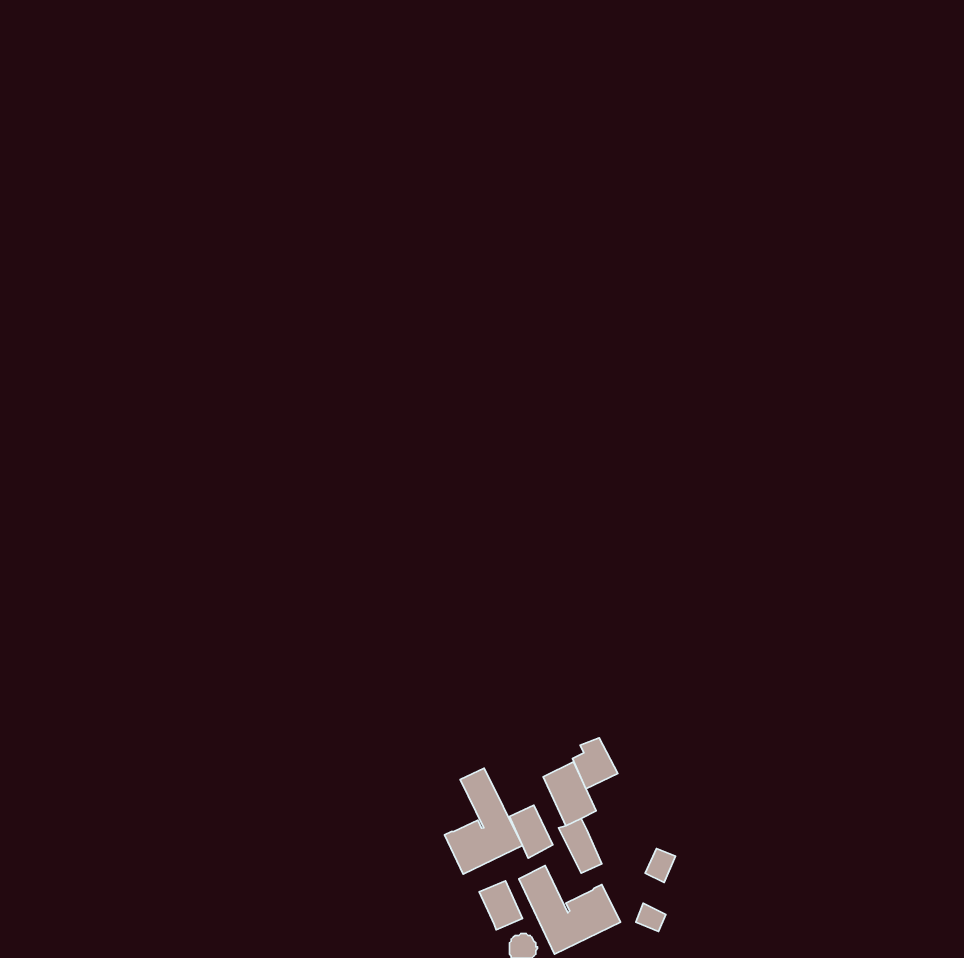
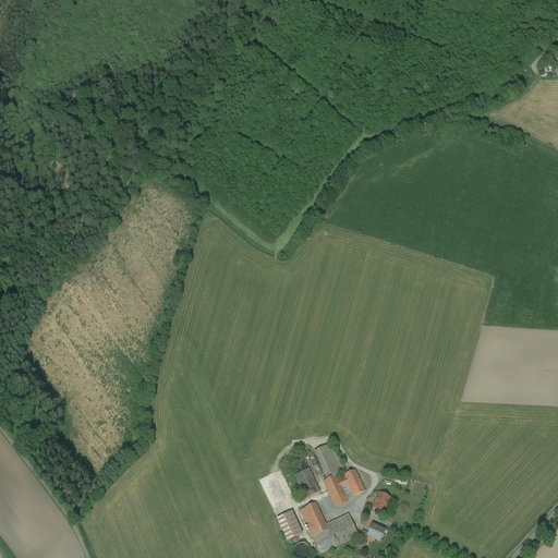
building: [573,738,618,789] -> [339,468,365,497]
building: [445,768,522,874] -> none

